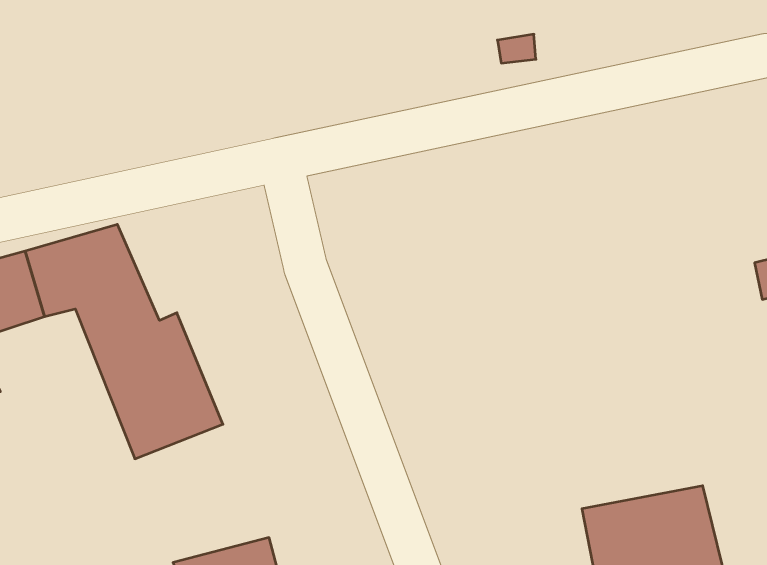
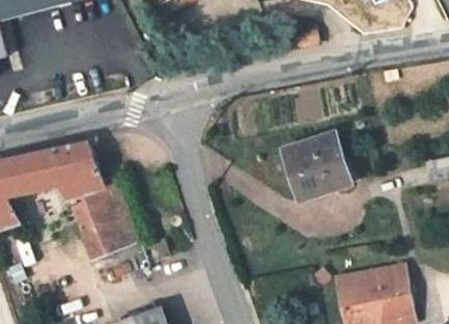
building: none -> [274,137,339,202]

